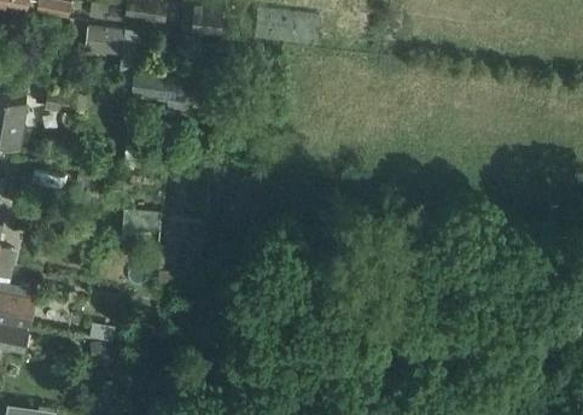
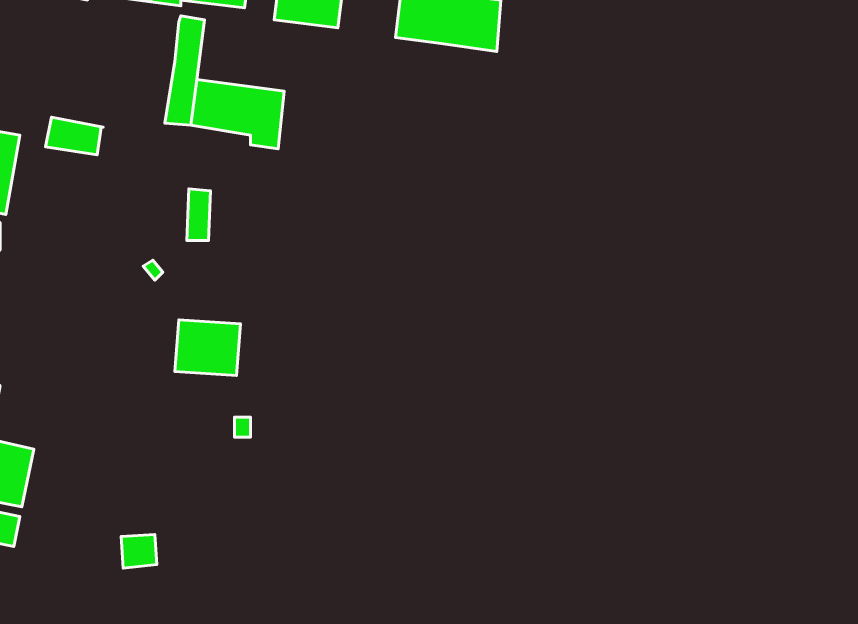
building: [82,28,123,55] -> none

